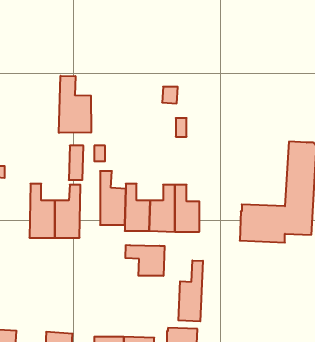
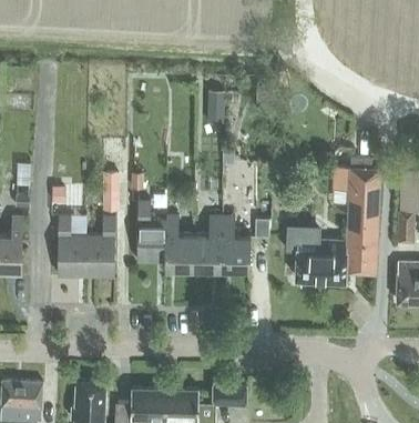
building: [59,76,91,133] -> none
building: [125,245,165,276] -> none
building: [178,260,203,321] -> none

